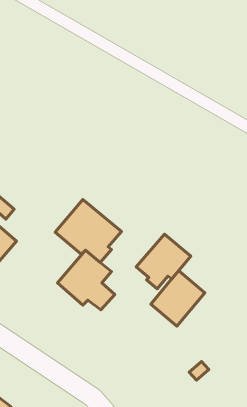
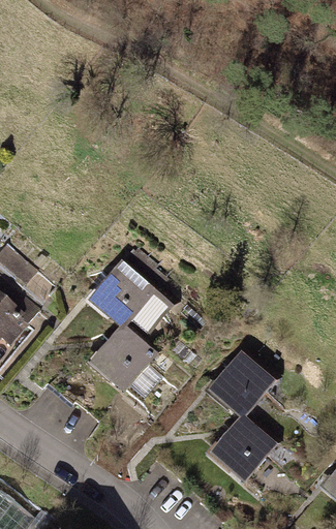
building: [136,234,191,289] -> none
building: none -> [211,410,279,479]

